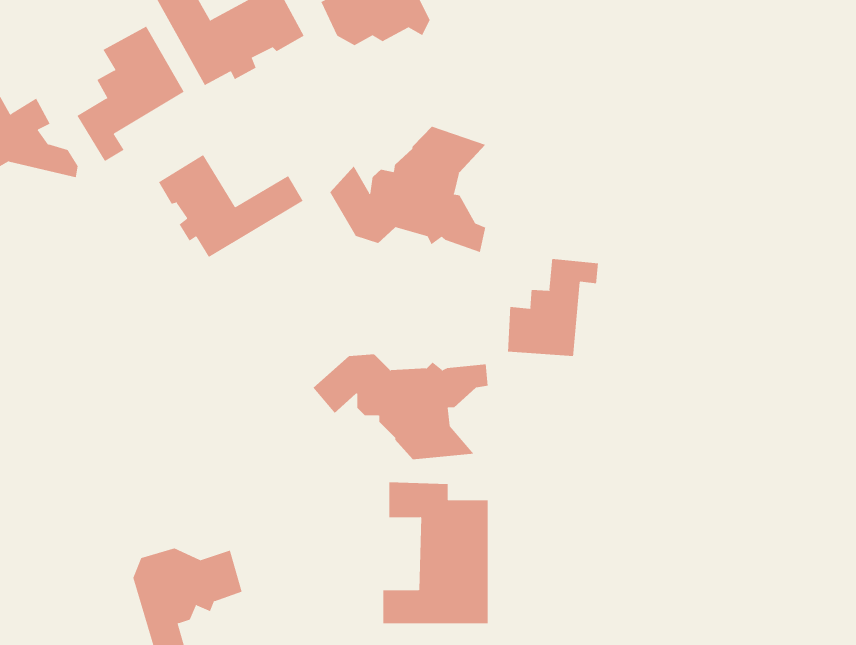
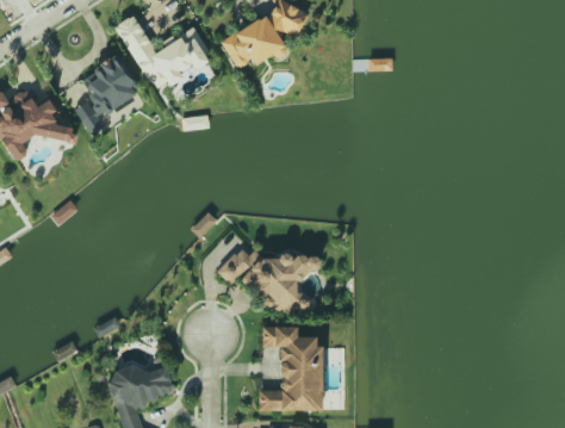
building: [329,126,486,253] -> none
building: [158,154,303,258] -> none
building: [507,258,599,357] -> none

